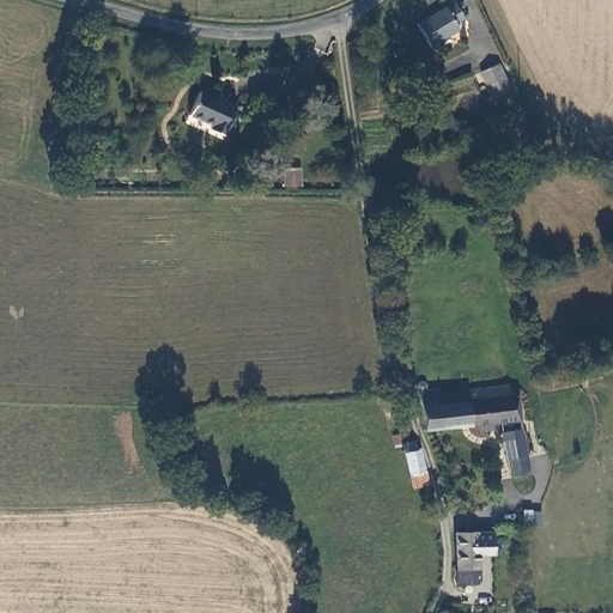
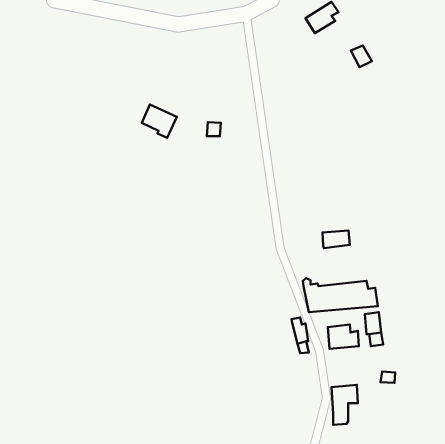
building: [192,92,239,138] -> [142,105,177,138]
building: none -> [322,230,350,248]
building: none -> [328,325,359,349]

